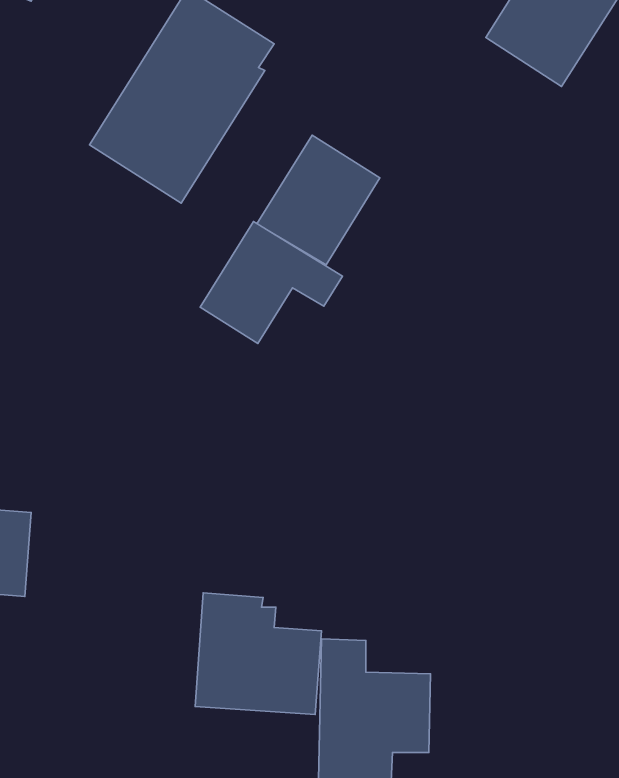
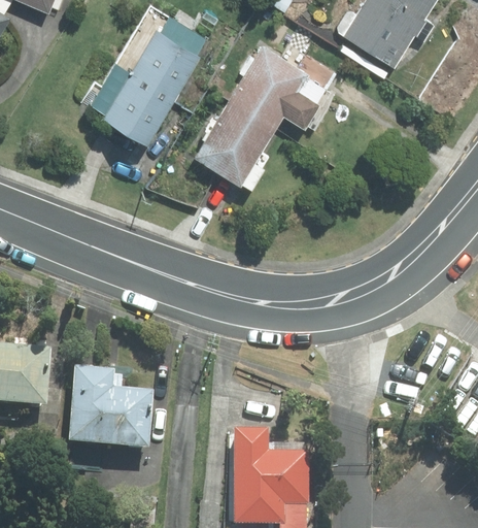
building: none -> [231,50,327,128]
building: [200,222,343,343] -> none
building: [195,593,322,715] -> [69,365,151,444]

